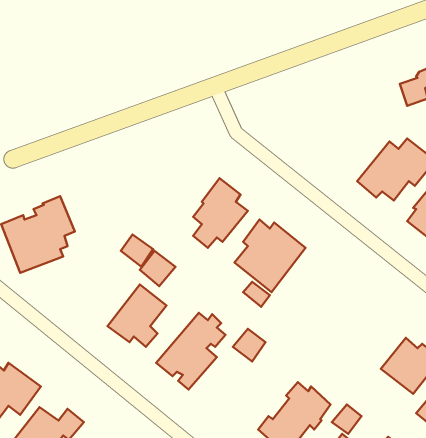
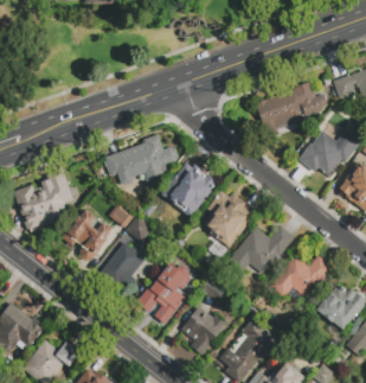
building: none -> [257,82,327,134]
building: none -> [104,133,178,186]
building: none -> [63,209,113,260]
building: none -> [226,225,295,275]
building: none -> [271,254,332,295]
building: none -> [181,307,227,355]

